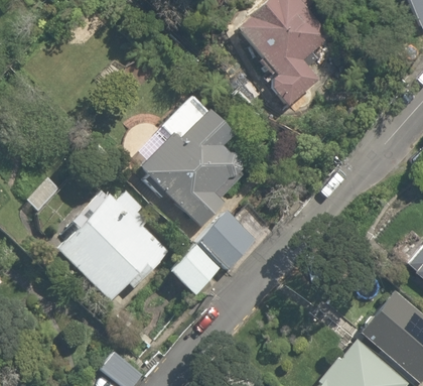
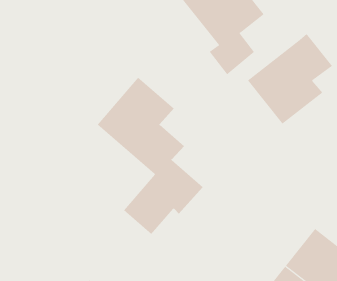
building: none -> [247,33,333,124]
building: [54,184,171,300] -> none

